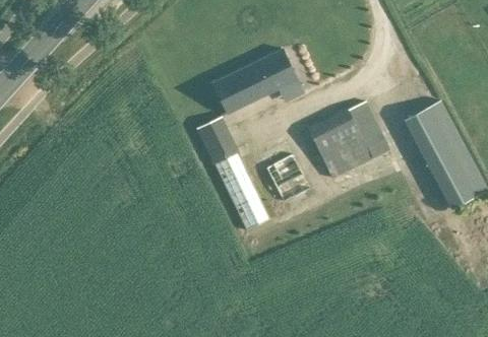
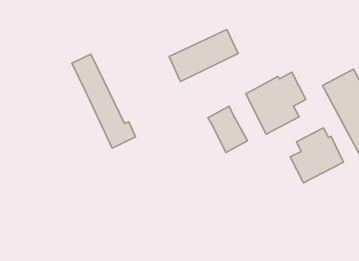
building: [198,117,277,232] -> [72,54,135,148]
building: none -> [290,128,344,183]

